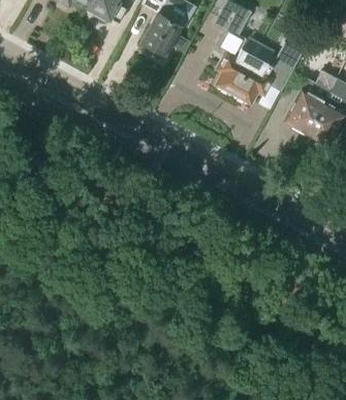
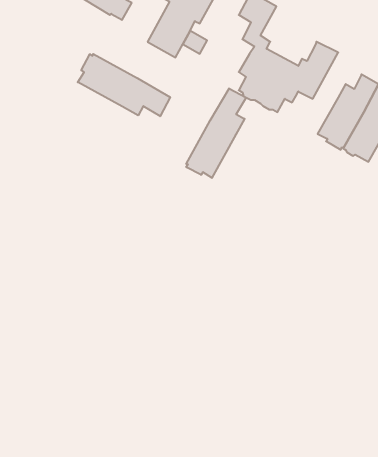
building: none -> [78,54,170,116]
building: none -> [186,88,246,178]

